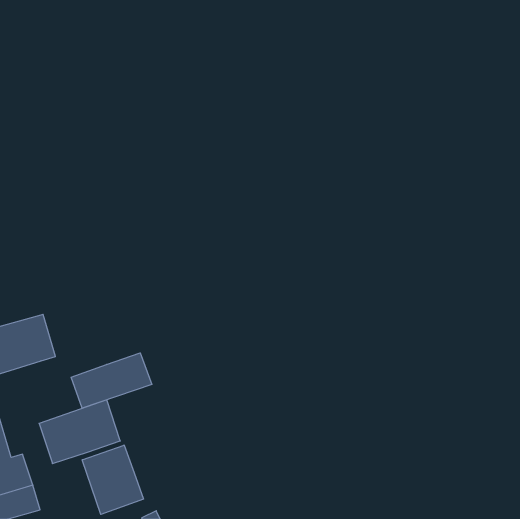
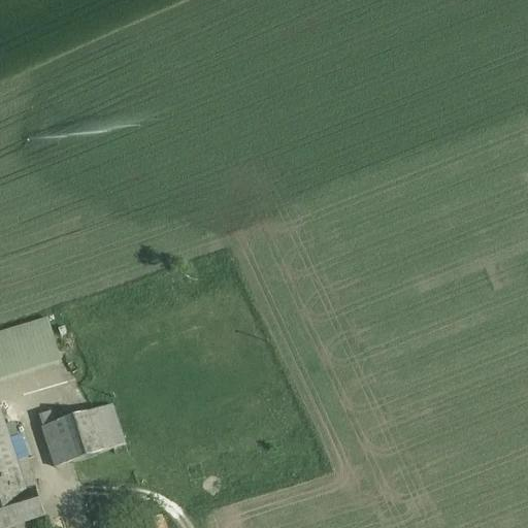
building: [71,353,152,408] -> none
building: [82,445,143,514] -> none

